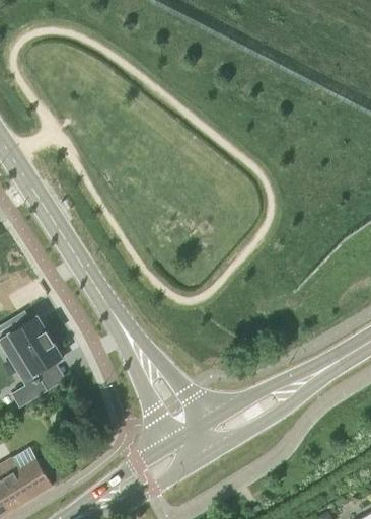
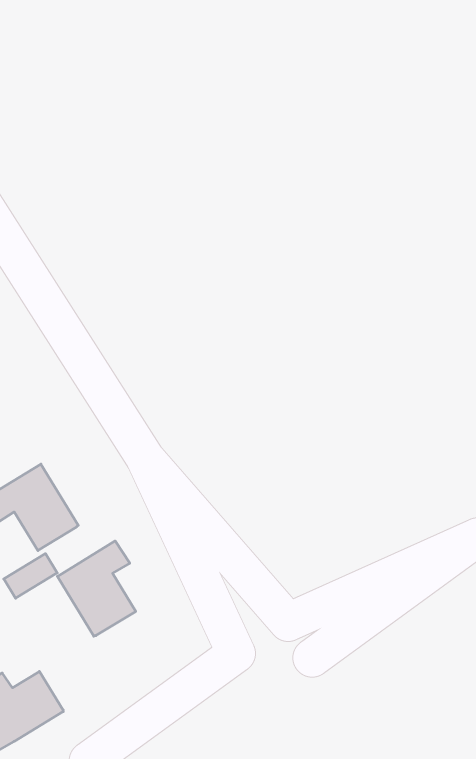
building: none -> [57,541,136,636]

